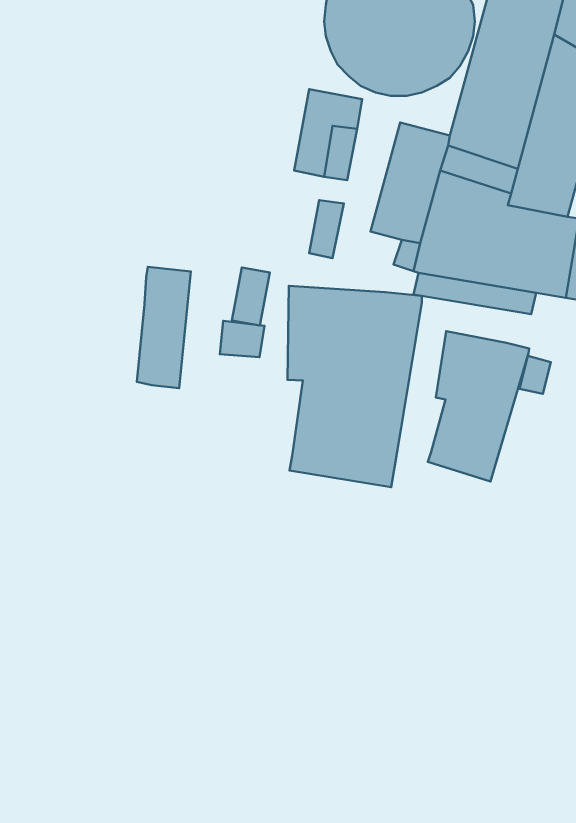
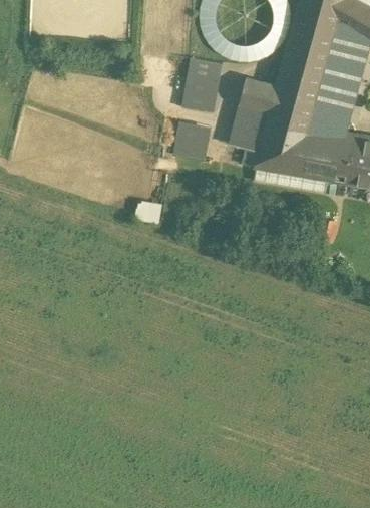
building: [137,267,191,388] -> none
building: [232,267,270,325] -> [173,120,197,156]
building: [287,286,422,487] -> none
building: [428,331,529,482] -> none

